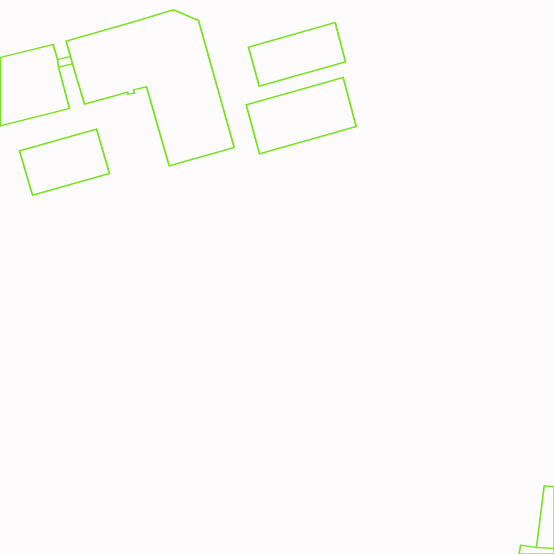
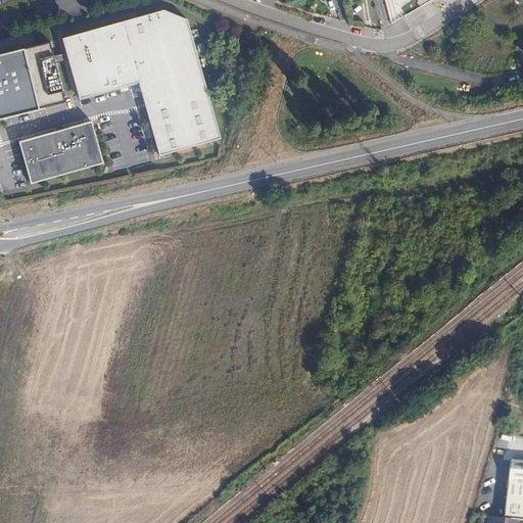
building: [248,23,346,86] -> none
building: [246,78,356,154] -> none

